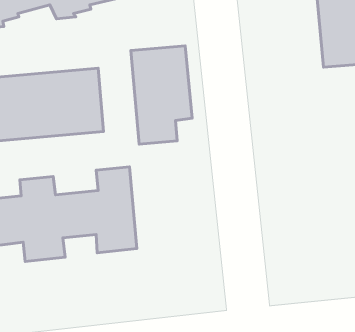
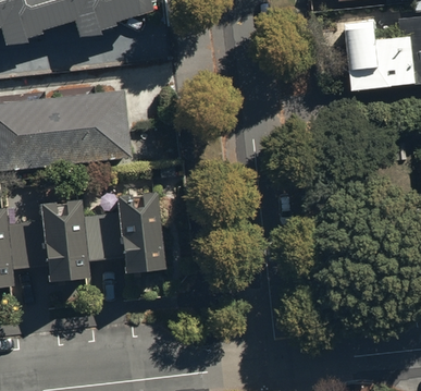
building: [131,46,192,144] -> none

